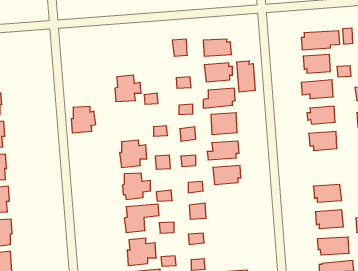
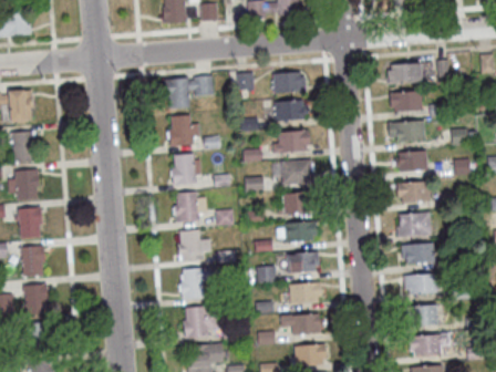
building: none -> [165,75,214,110]
building: [237,61,255,92] -> none
building: [71,107,96,133] -> [172,154,200,185]
building: none -> [396,213,431,238]
building: none -> [286,252,320,273]
building: none -> [288,282,321,304]
building: none -> [280,314,323,335]

